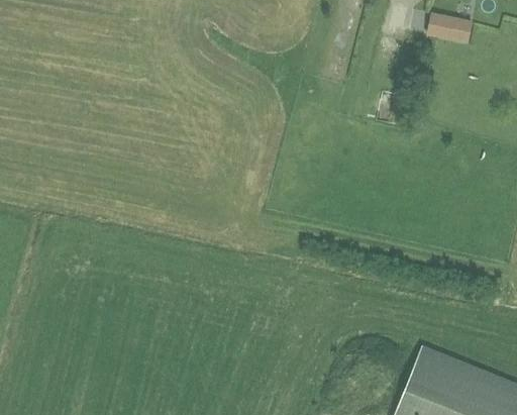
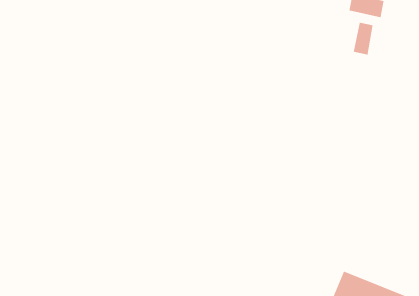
building: none -> [353,22,374,55]

